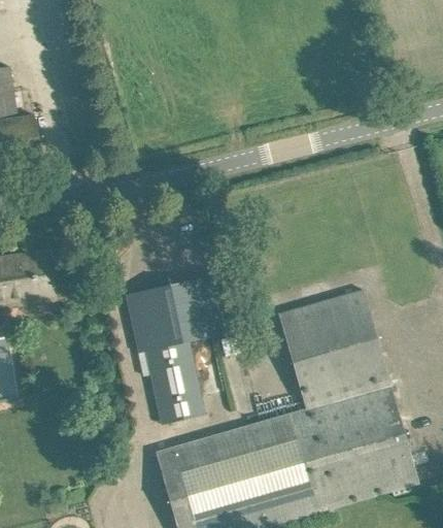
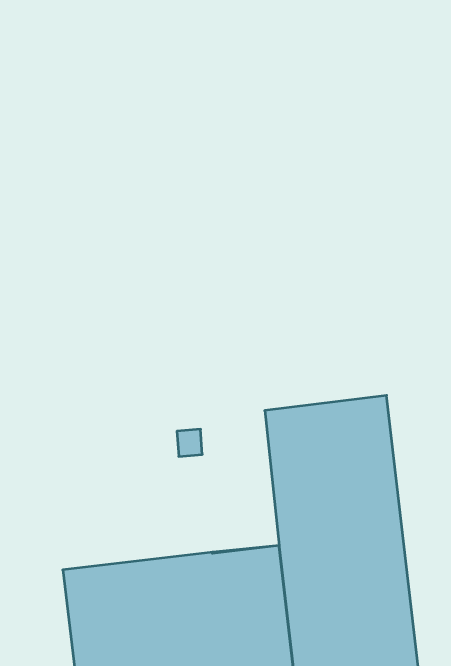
building: [126,274,224,420] -> none

